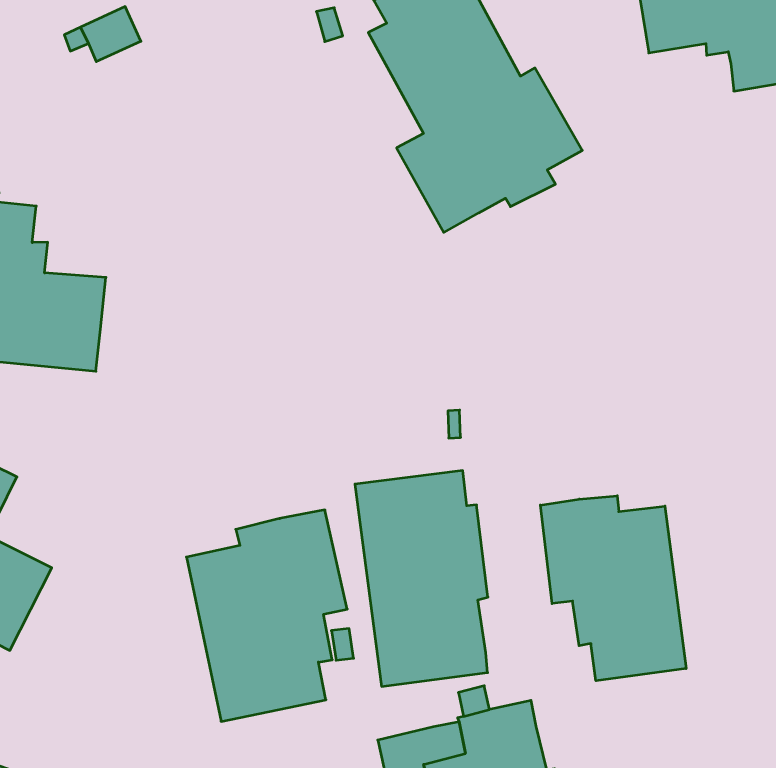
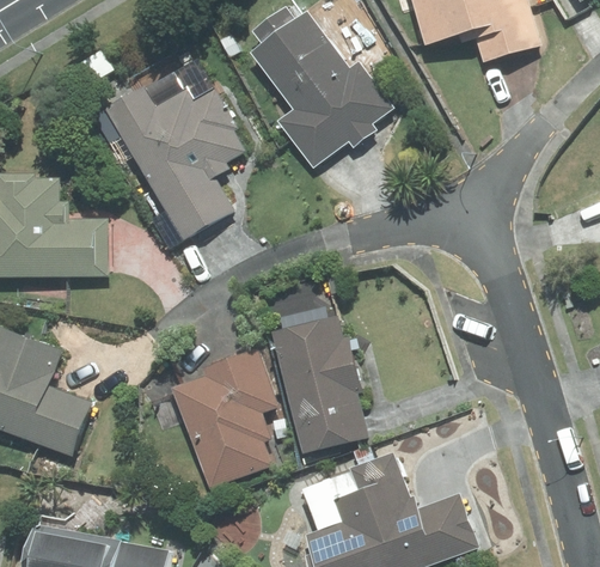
building: none -> [108,86,245,239]
building: [540,496,686,681] -> none

